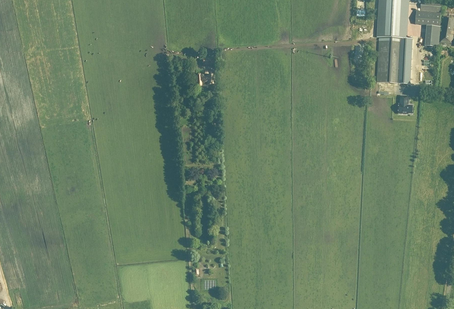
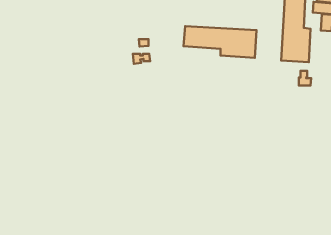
building: none -> [184,26,256,58]

